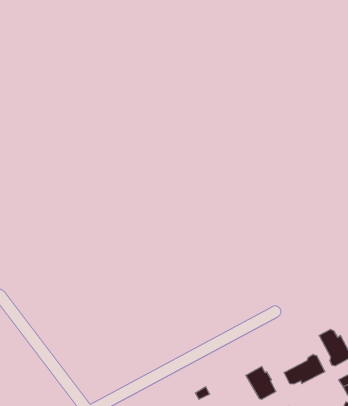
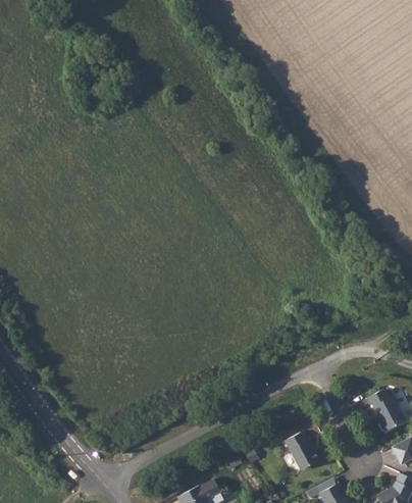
building: [284,354,325,384] -> none

